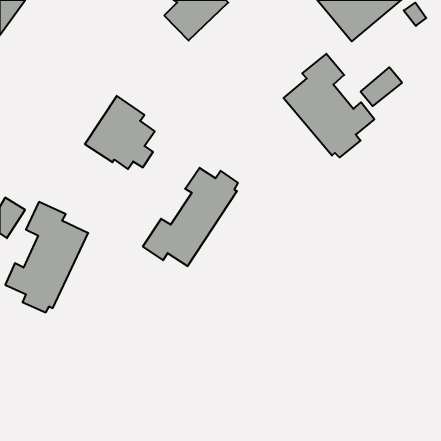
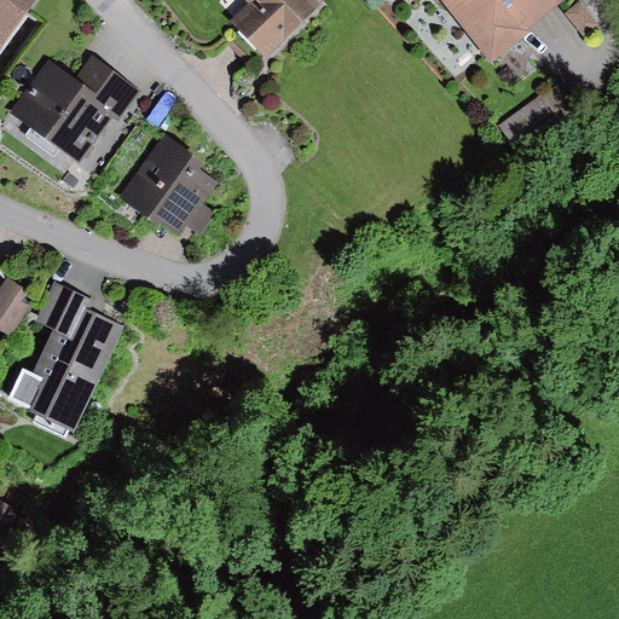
building: none -> [12,56,140,158]
building: [284,54,374,157] -> none
building: [143,168,238,266] -> none

